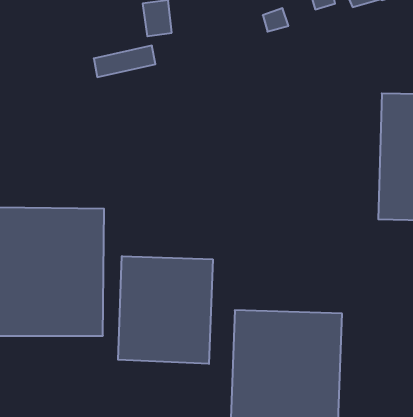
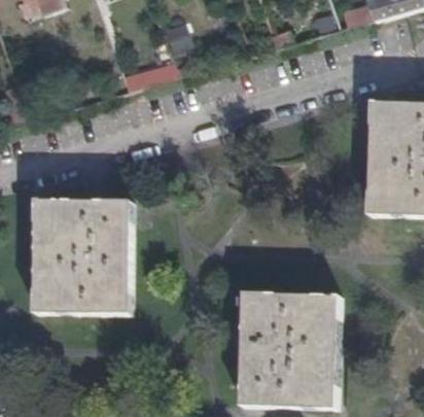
building: [118,256,213,364] -> none

